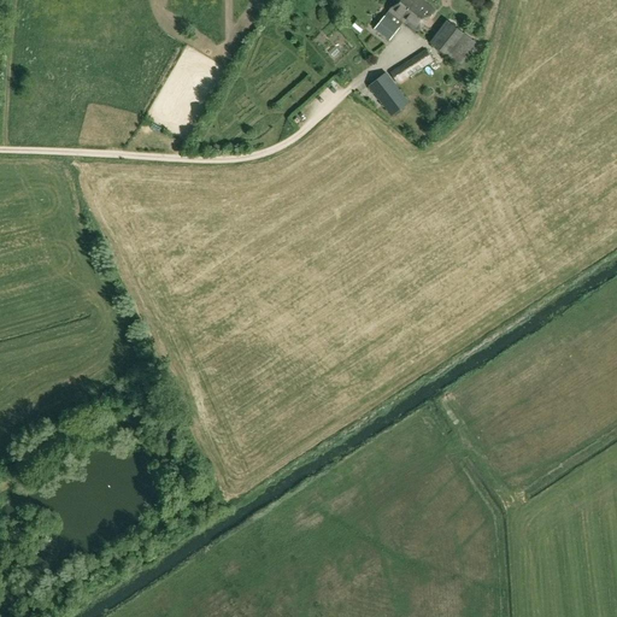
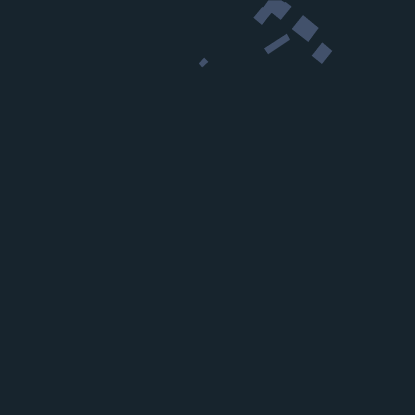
building: none -> [311,41,333,65]
building: [368,71,409,114] -> none

